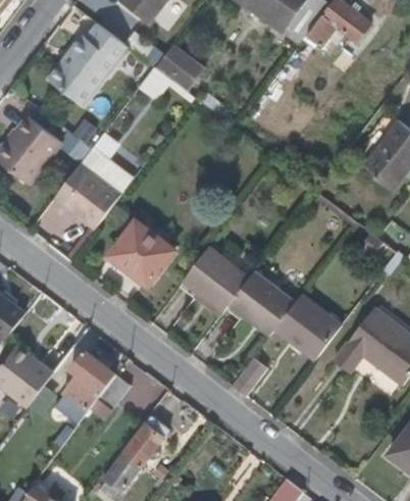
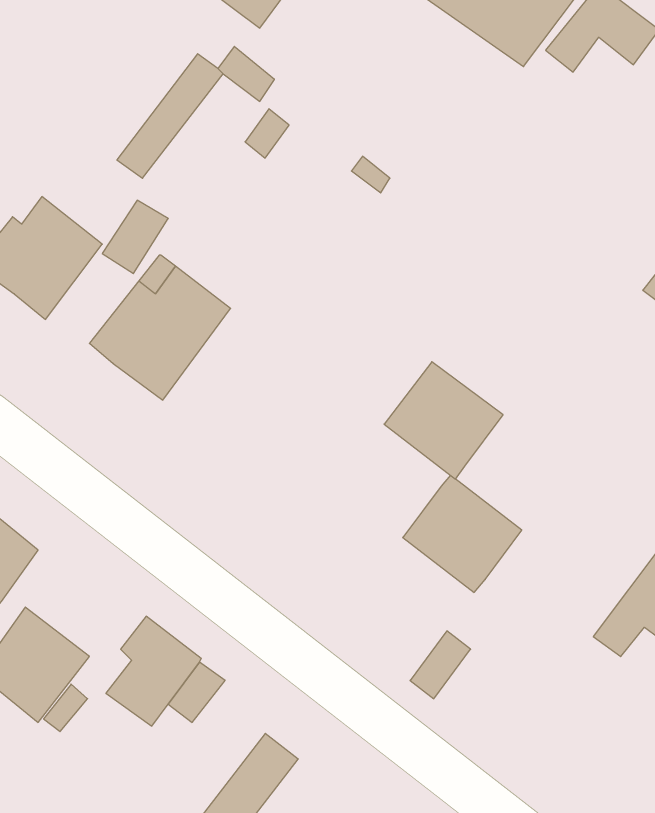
building: [48,23,113,95] -> none
building: [156,45,203,89] -> none
building: [111,221,171,282] -> none
building: [183,247,249,312] -> [384,362,503,479]
building: [273,293,342,360] -> none

